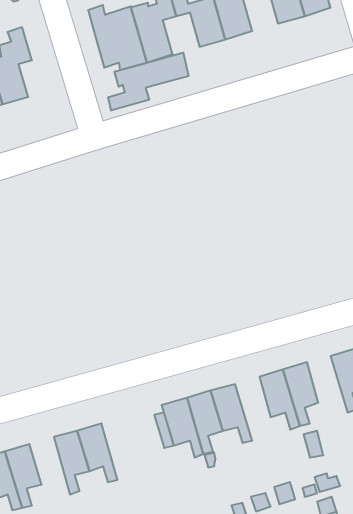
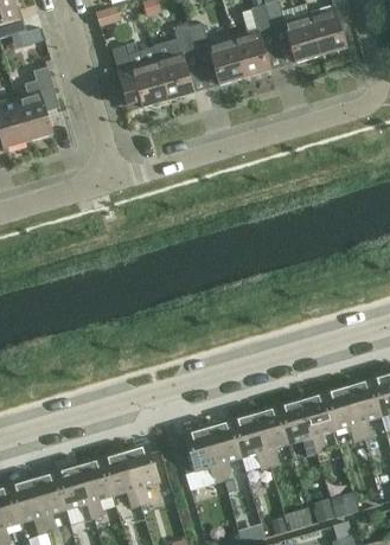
building: [108,53,188,111] -> none
building: none -> [324,385,363,442]
building: none -> [254,405,288,467]
building: none -> [124,443,160,505]
building: none -> [55,463,94,521]

